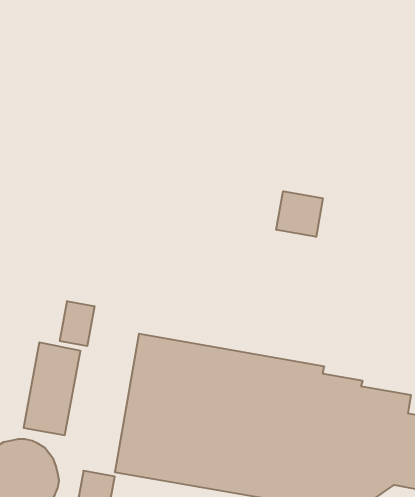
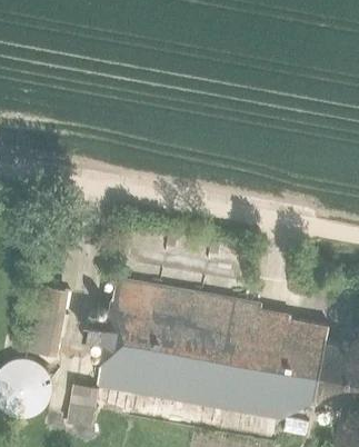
building: [276,191,323,237] -> none
building: [60,301,94,346] -> none

